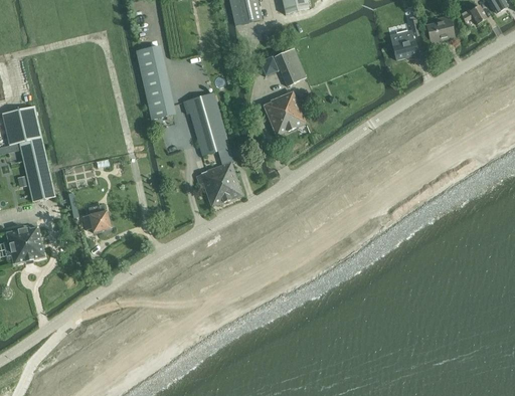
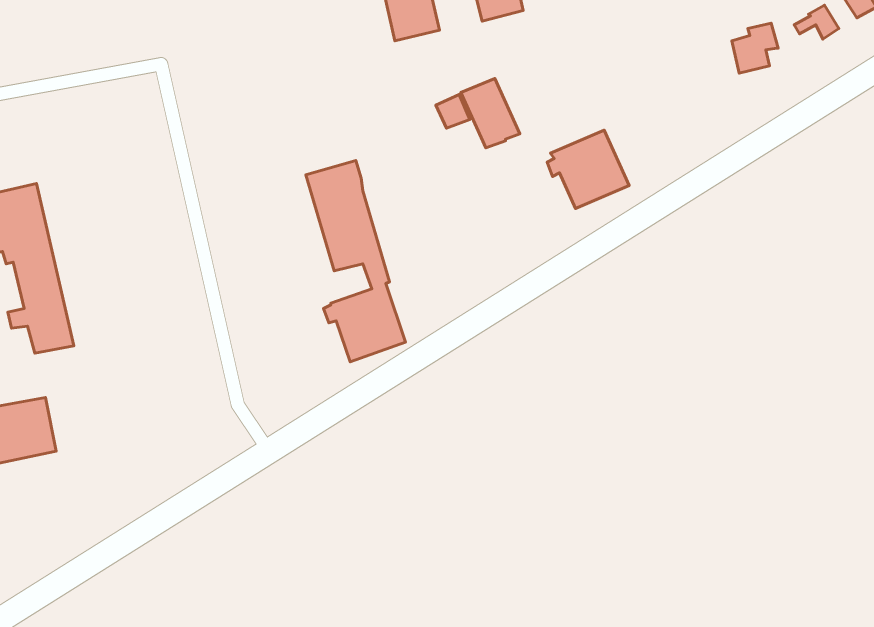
building: [389,19,419,59] -> none
building: [136,45,173,119] -> none
building: [260,91,306,136] -> [547,130,629,209]
building: [82,210,110,232] -> none

